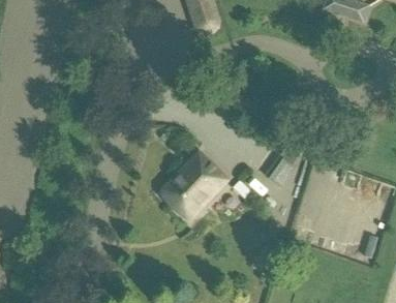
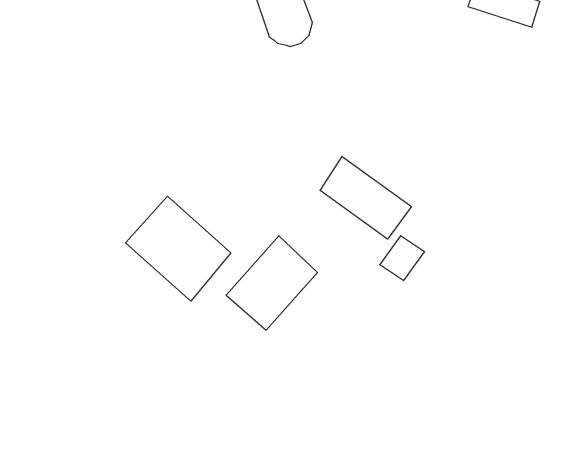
building: none -> [320,156,411,239]
building: none -> [125,196,231,301]

